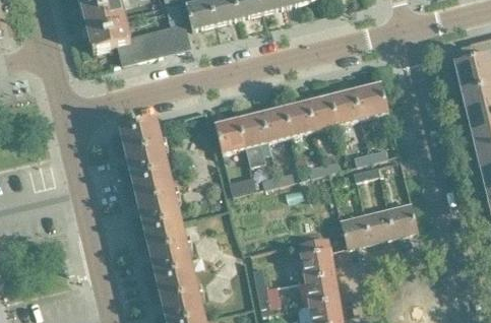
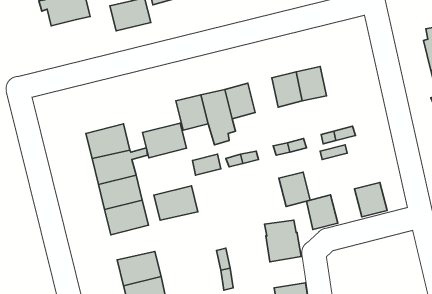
building: [117,30,156,63] -> none
building: [354,82,388,118] -> none
building: [284,101,313,134] -> none
building: [120,121,163,154] -> [143,123,187,158]
building: [364,208,394,242] -> [279,172,310,207]
building: [150,244,193,277] -> [154,186,198,220]
building: [305,274,340,305] -> none

